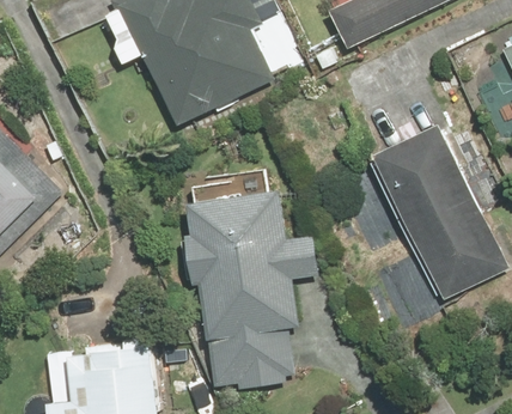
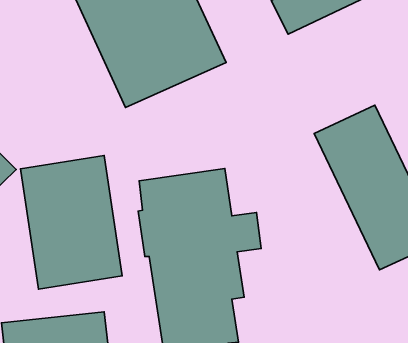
building: none -> [20,156,122,289]

